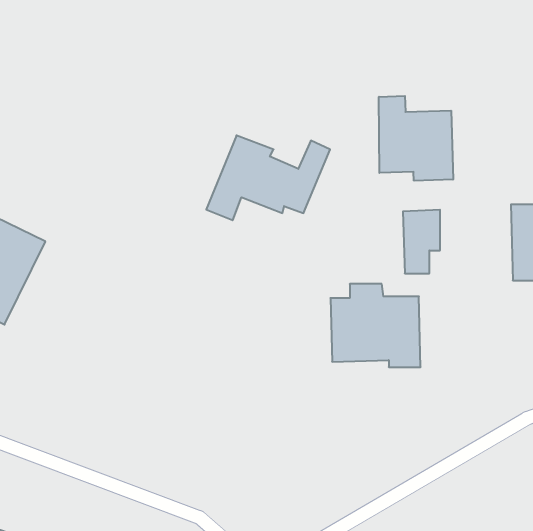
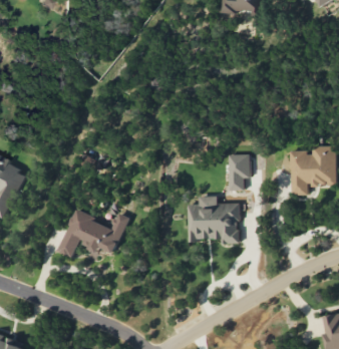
building: [379,96,453,181] -> none
building: [206,135,330,220] -> [59,209,129,257]

